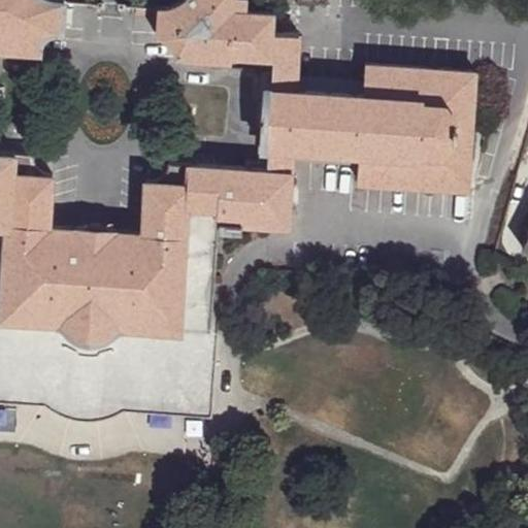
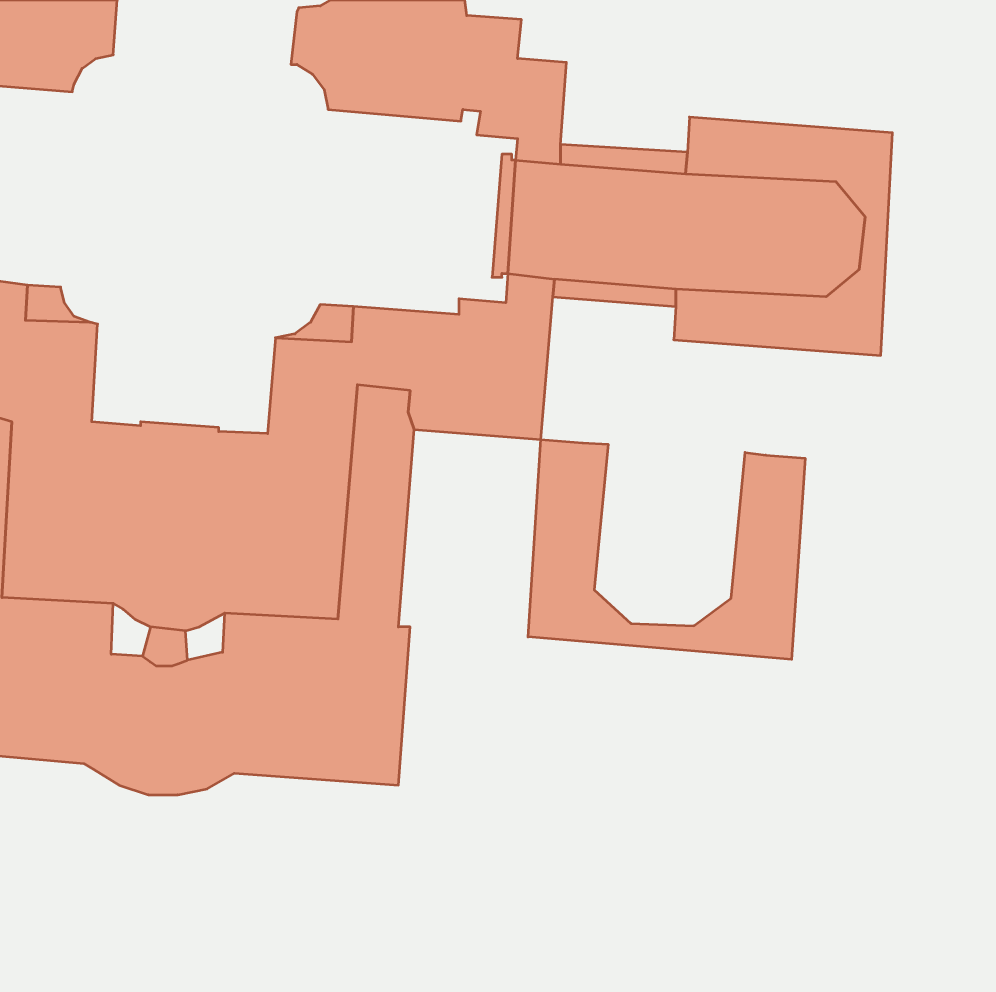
building: none -> [528,439,805,659]

